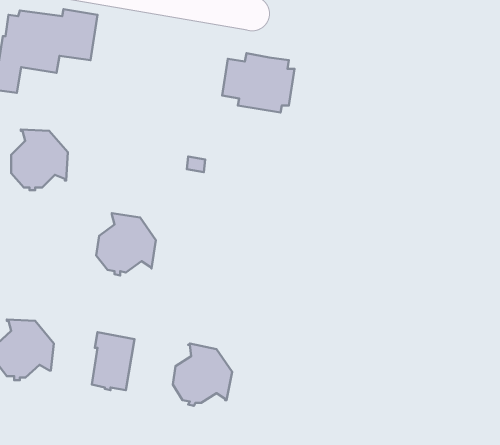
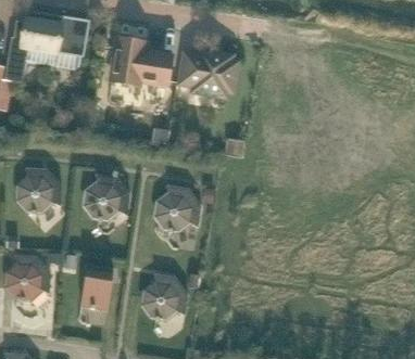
building: none -> [111,37,172,85]
building: [11,129,68,190] -> [17,166,61,213]
building: none -> [155,183,201,231]

